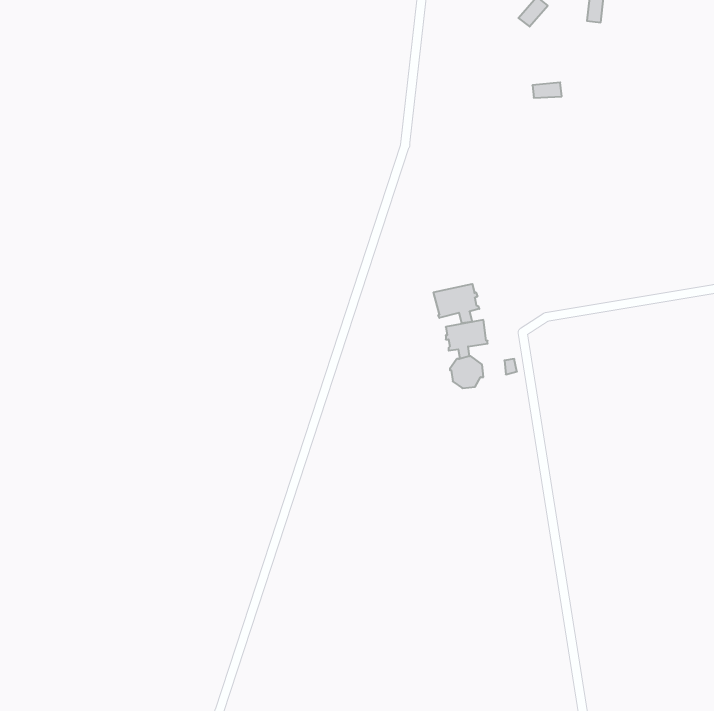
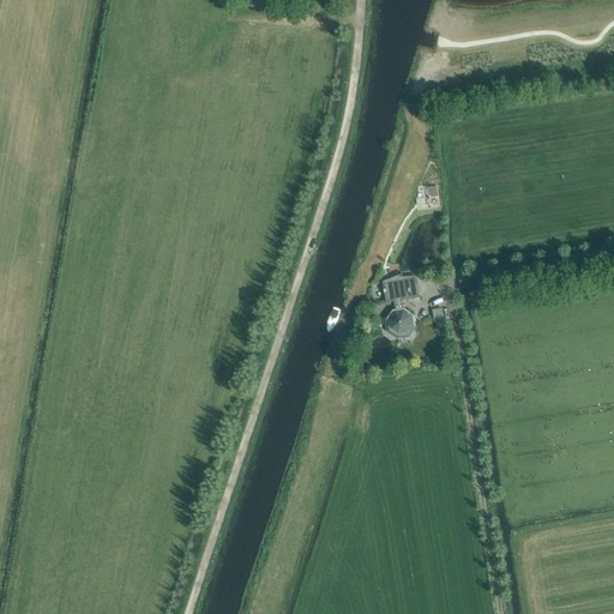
building: [434,284,479,323] -> none

